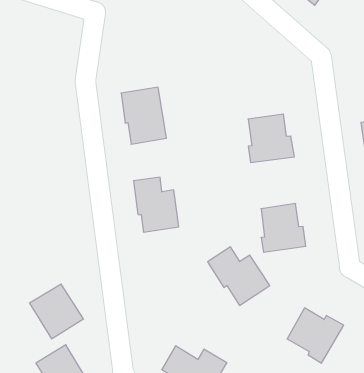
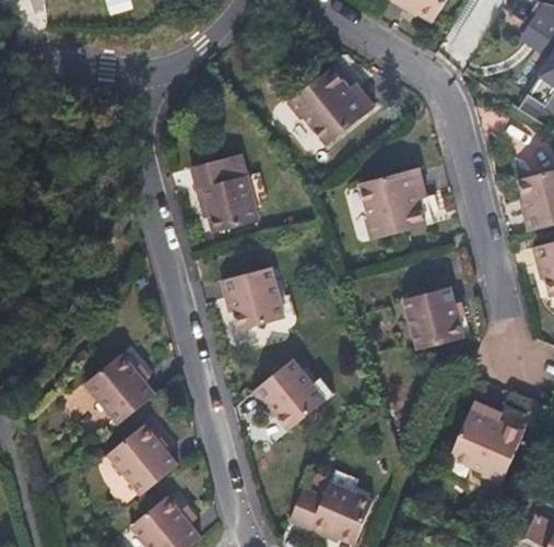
building: none -> [292,66,366,143]
building: none -> [89,346,165,423]
building: [208,247,270,306] -> [252,367,337,441]

